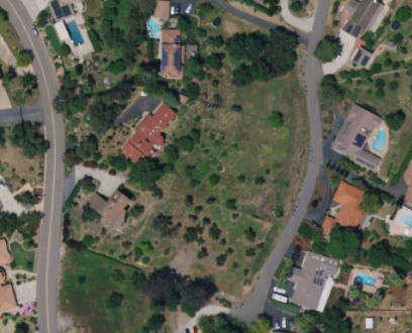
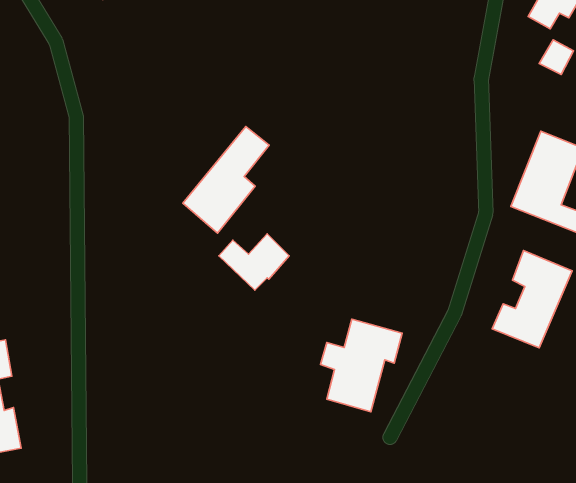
building: [160,29,181,76] -> none
building: [86,188,131,224] -> [219,234,289,290]
building: [286,250,338,310] -> [320,319,402,412]

